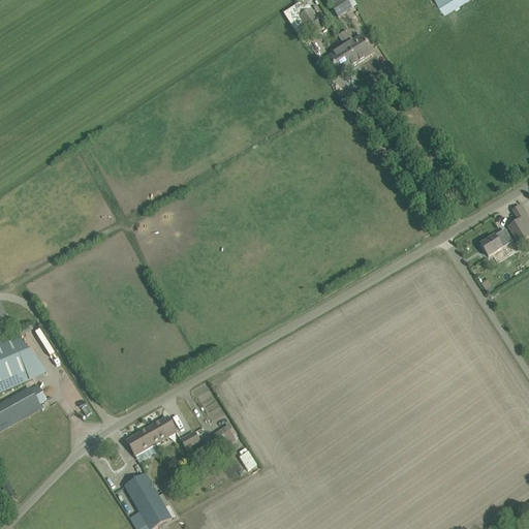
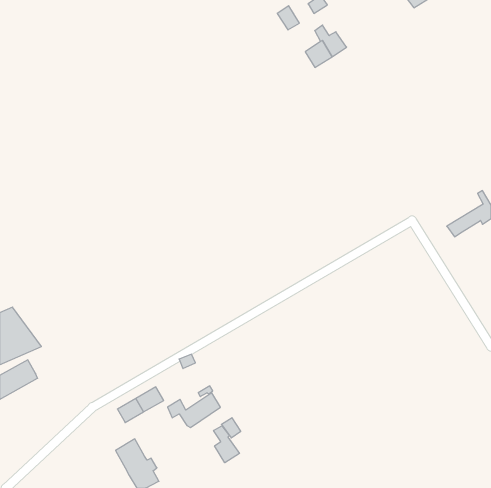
building: none -> [214,426,239,463]

